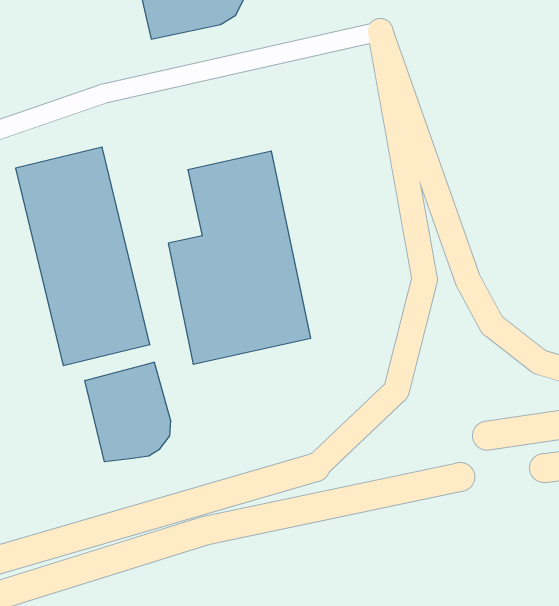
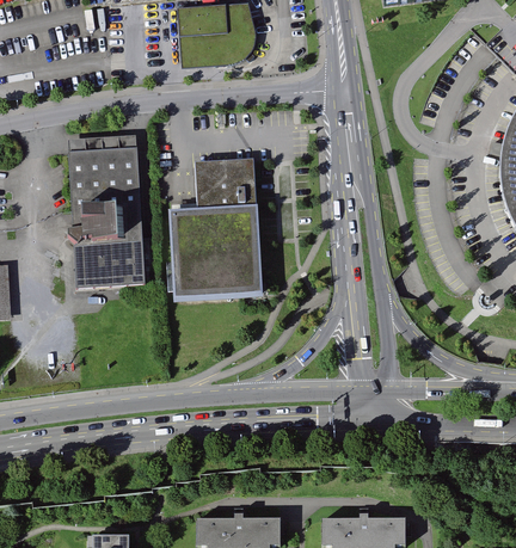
building: [85,362,171,462] -> none

